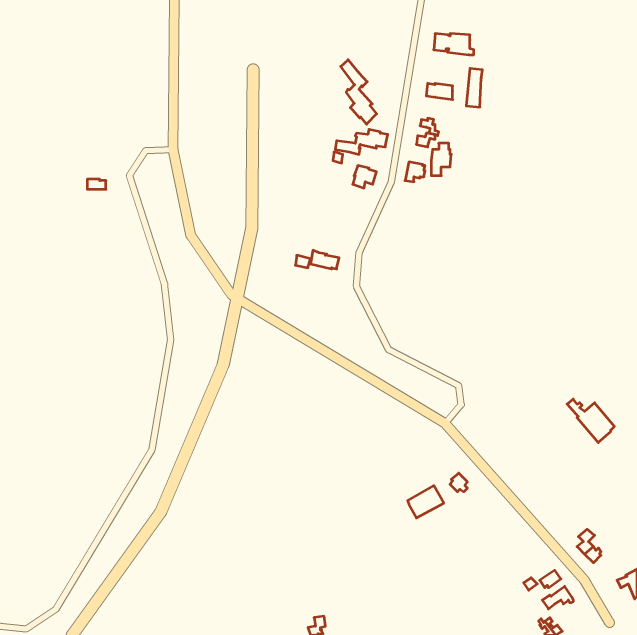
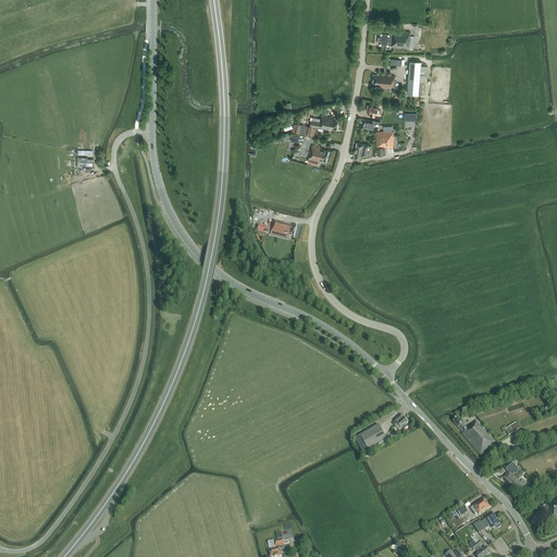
building: [341,60,377,124] -> none
building: [567,399,614,443] -> [453,417,494,455]

